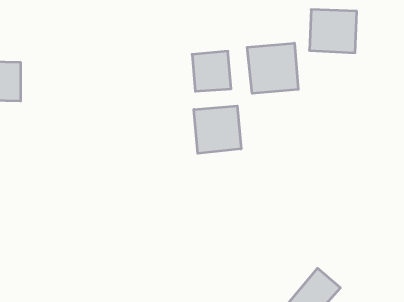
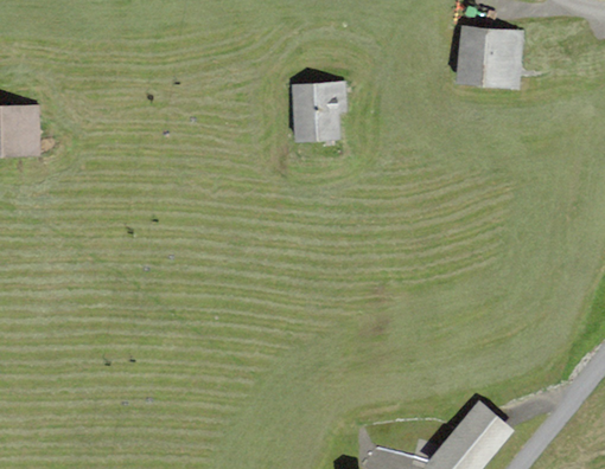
building: [247,43,298,93] -> none
building: [194,106,241,153] -> none

